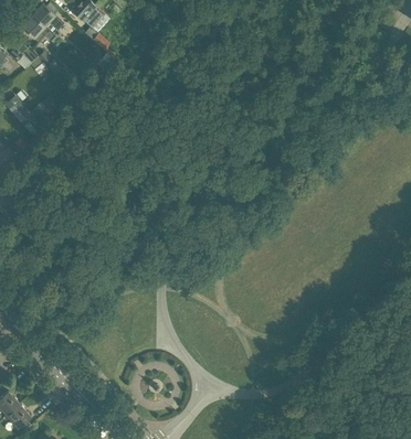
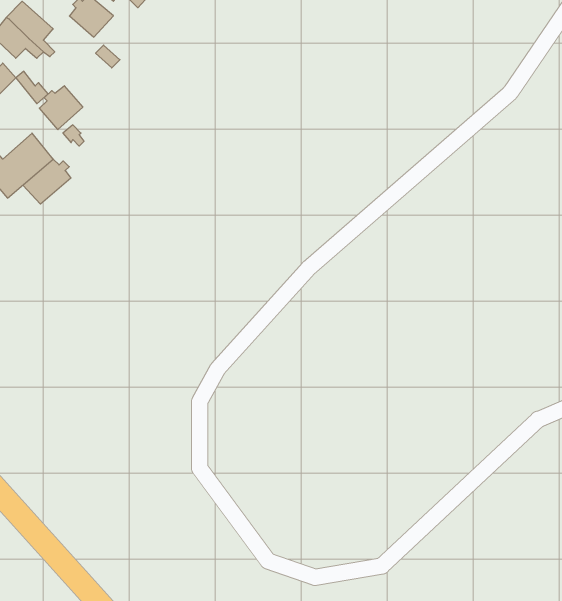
building: none -> [39,86,83,130]
building: none -> [23,159,71,204]

